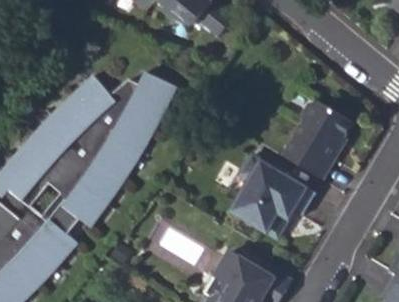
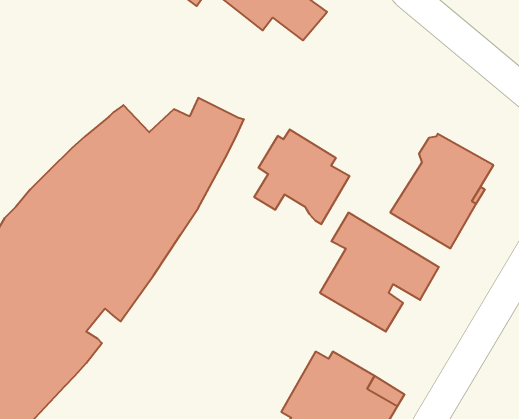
building: none -> [254,129,349,224]

